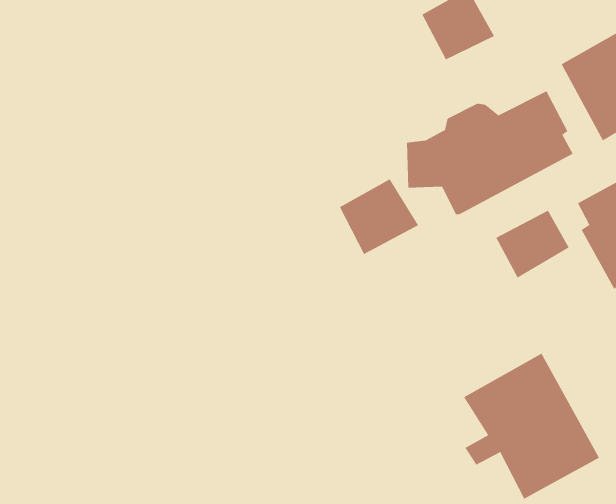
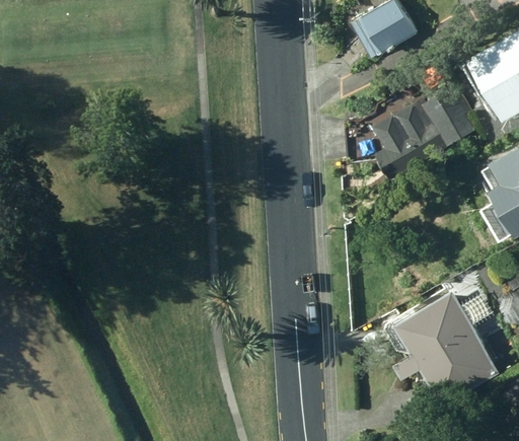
building: [339,178,419,255] -> none
building: [496,210,570,278] -> none

